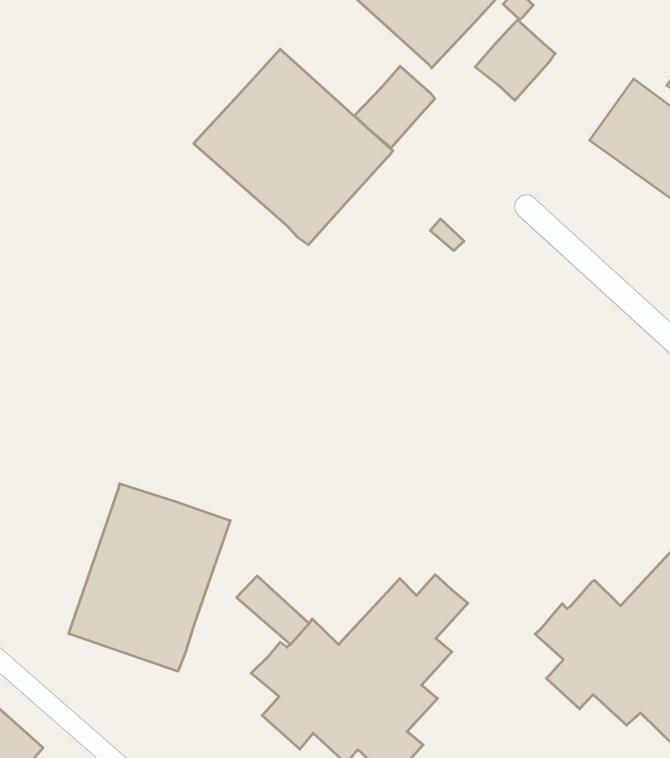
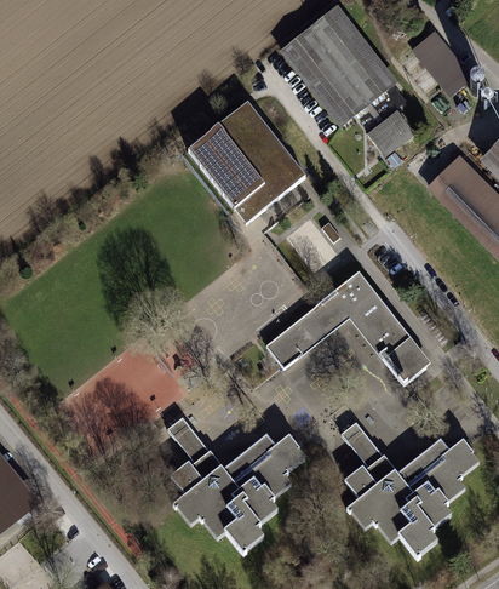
building: [354,66,435,148] -> none
building: none -> [264,270,431,384]
building: [69,484,230,671] -> none
building: none -> [342,421,383,467]

